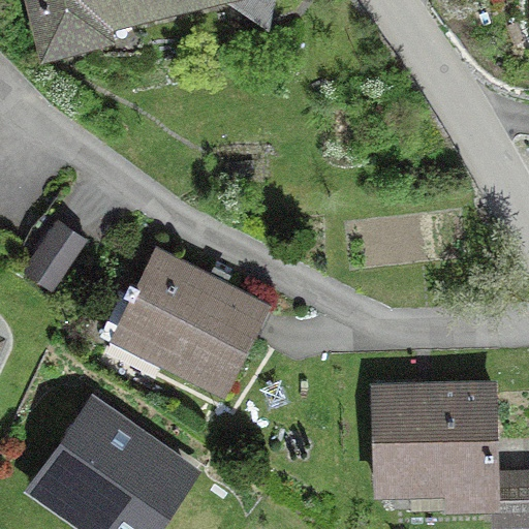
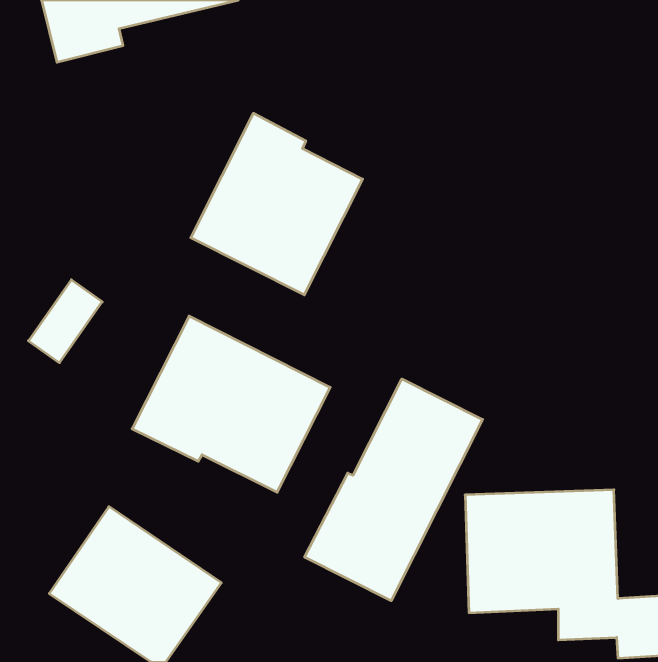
building: none -> [191,113,363,295]
building: none -> [305,379,483,601]

